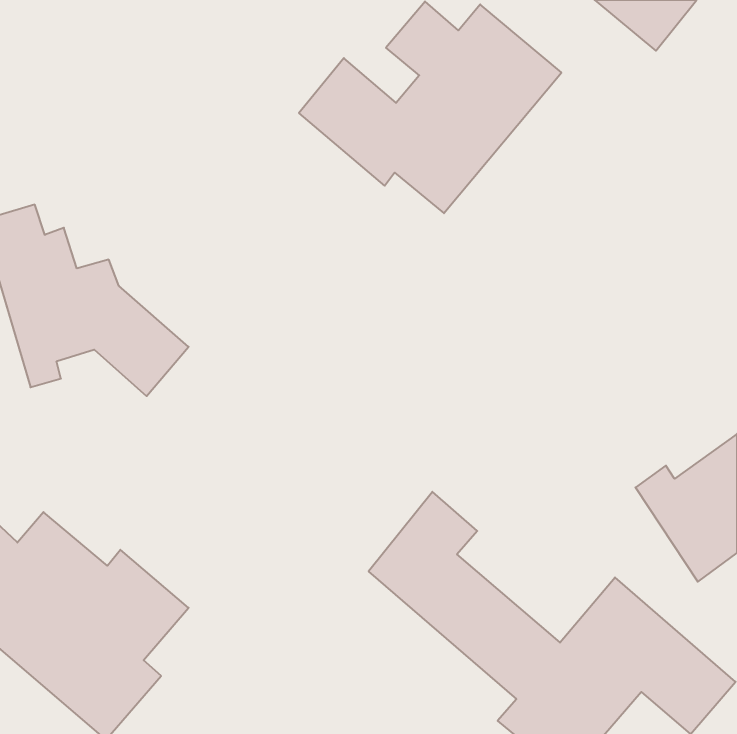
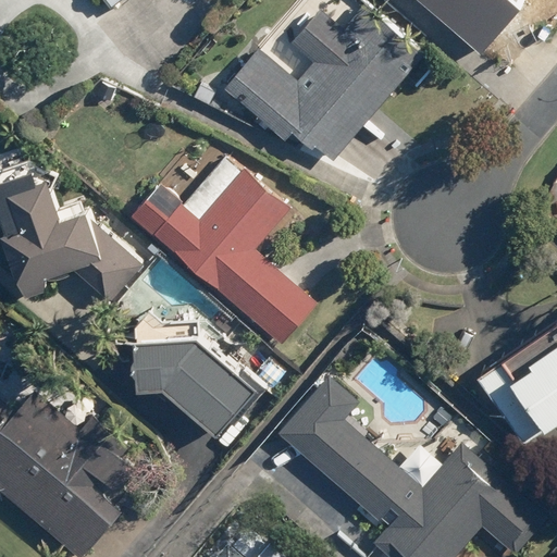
building: none -> [124,170,315,345]
building: none -> [133,335,255,433]

